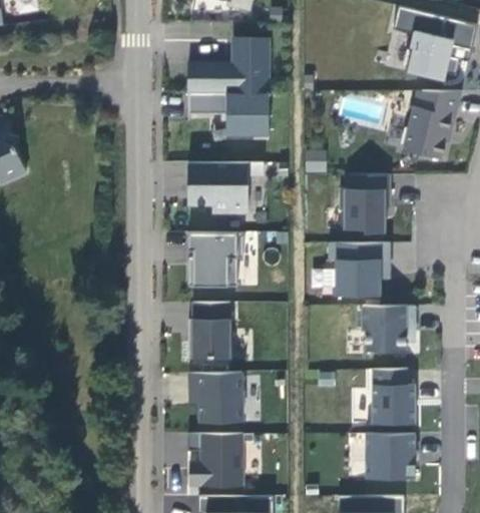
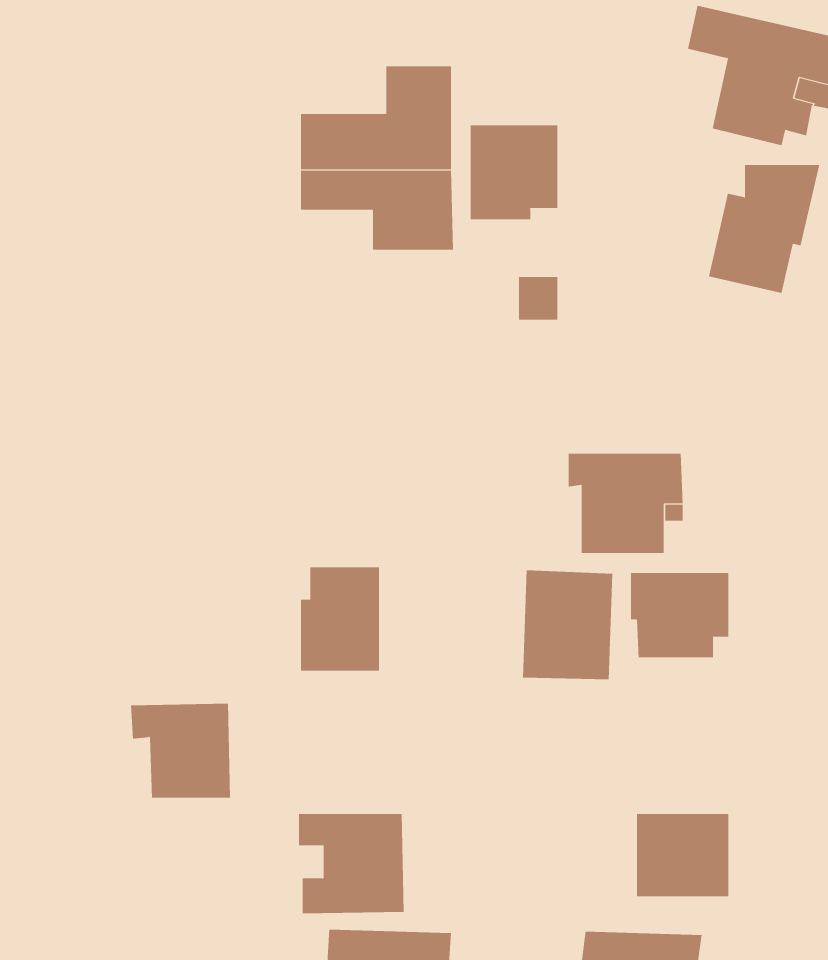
building: none -> [470,124,558,220]
building: [188,163,264,213] -> none
building: [340,175,390,233] -> none
building: [188,233,244,288] -> none
building: [369,368,417,426] -> [522,570,613,680]
building: [189,373,243,423] -> [130,703,231,798]

